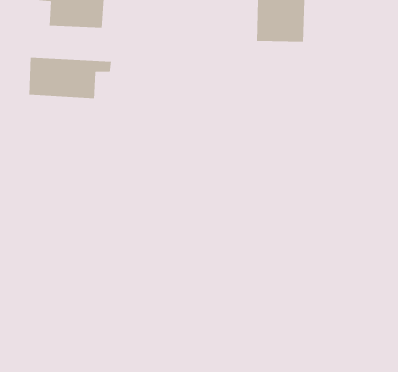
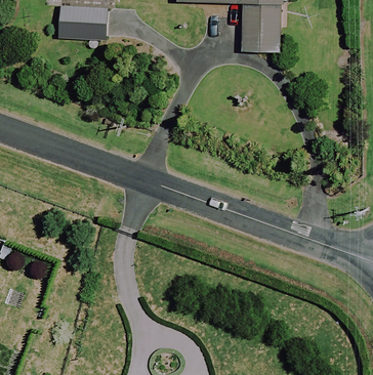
building: [29,57,111,99] -> none

